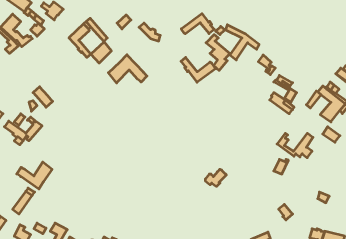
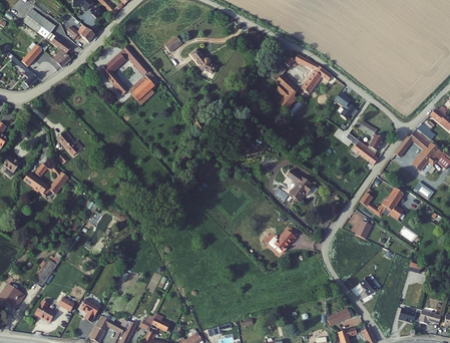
building: [181,14,214,34] -> none
building: [108,55,147,83] -> none
building: [181,57,216,82] -> none
building: none -> [287,169,312,202]
building: [17,162,52,189] -> none

